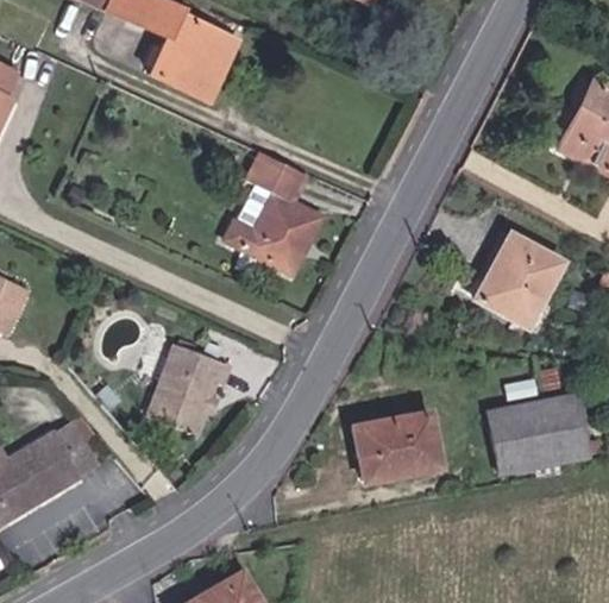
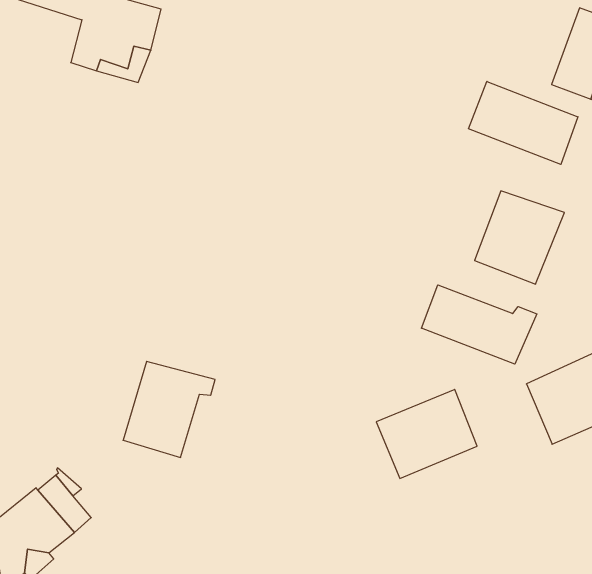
building: none -> [468,81,578,164]
building: [222,157,315,277] -> none
building: none -> [421,285,537,364]

